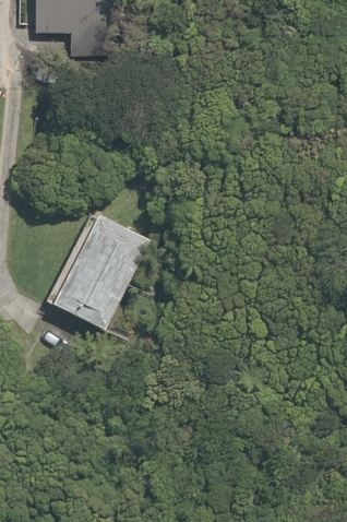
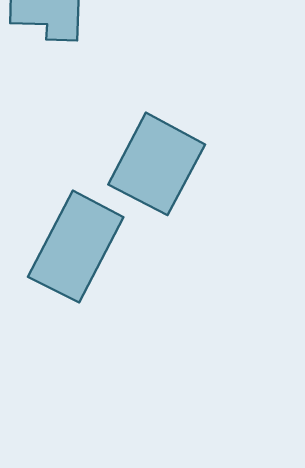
building: none -> [108,113,205,215]

